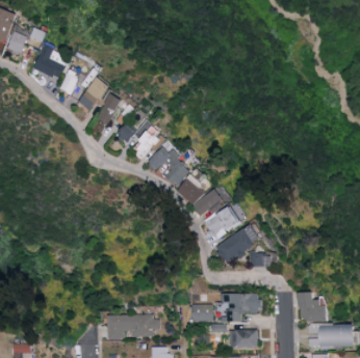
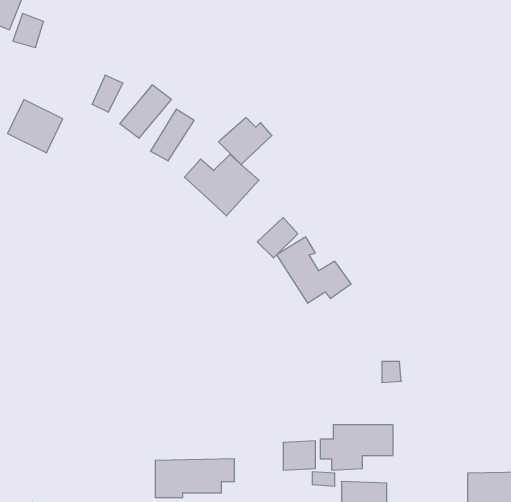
building: [38,46,74,80] -> [8,99,63,153]
building: [153,146,187,176] -> [219,118,272,165]
building: [207,205,248,244] -> none
building: [217,226,263,265] -> none
building: [299,293,326,322] -> none

